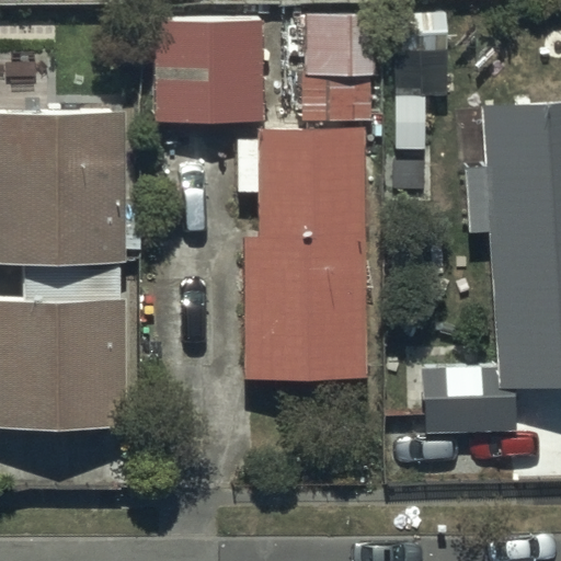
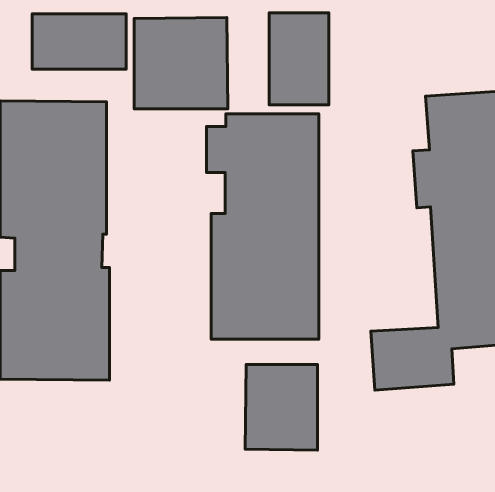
building: none -> [32,14,126,69]
building: none -> [245,364,317,450]

